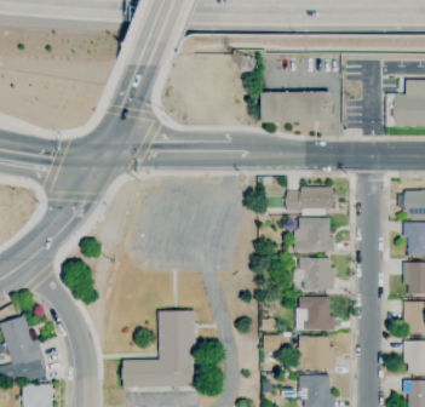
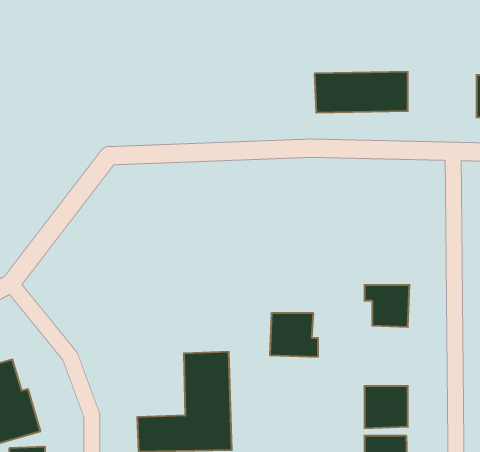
building: [286,188,334,213] -> none
building: [294,218,333,252] -> none
building: [297,297,334,331] -> [270,313,318,357]

